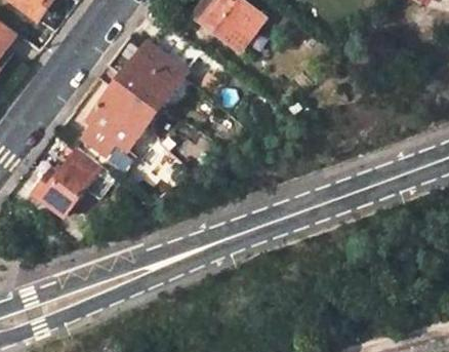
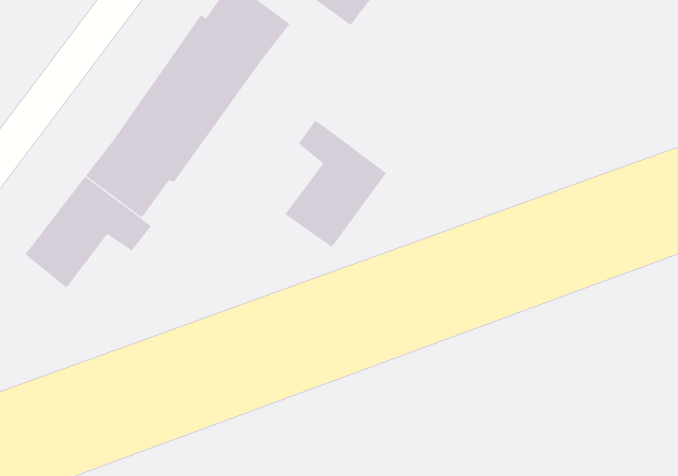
building: none -> [284,120,387,248]

